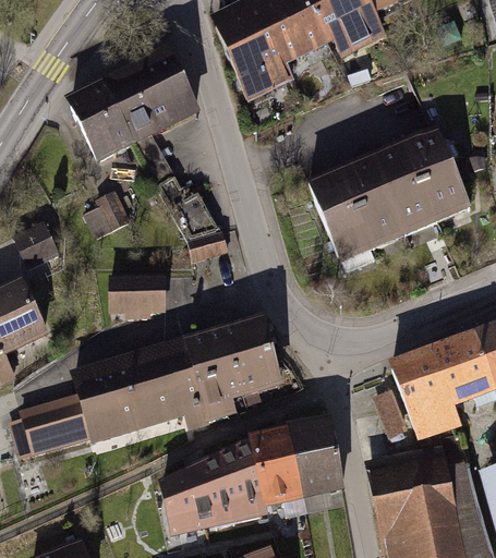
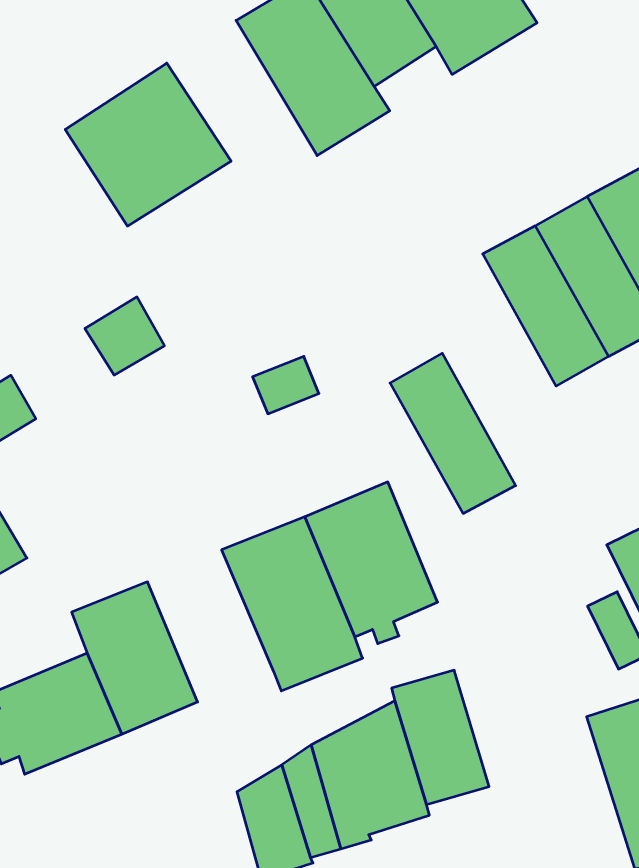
building: [66,81,130,158] -> none
building: [305,181,373,277] -> [390,353,516,513]
building: [112,272,171,313] -> none
building: [119,339,187,427] -> none
building: [294,413,349,496] -> none

